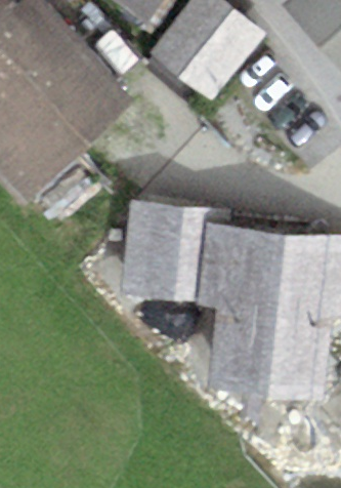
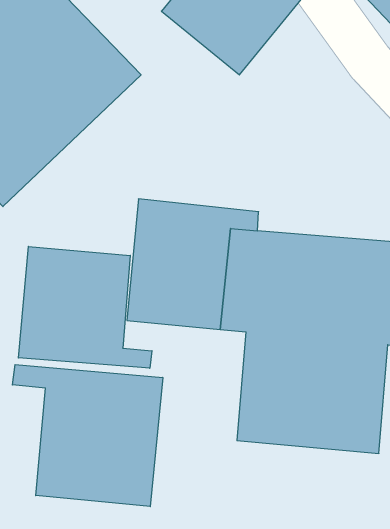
building: none -> [18,246,152,368]
building: none -> [12,365,163,507]

